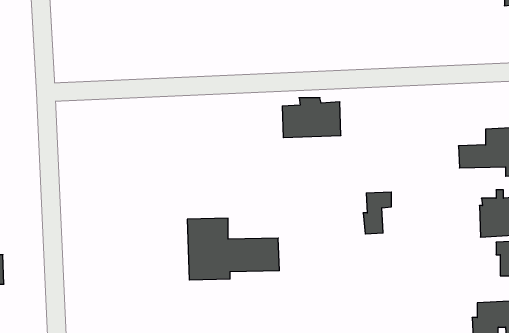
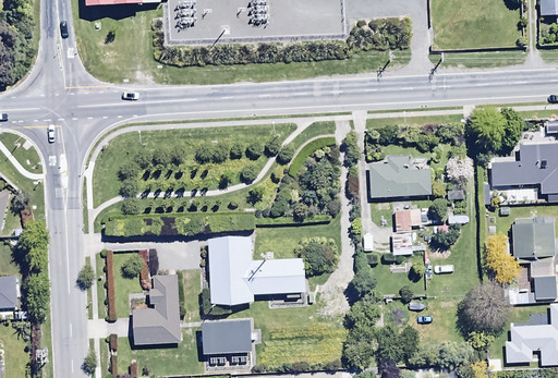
building: [282,98,341,138] -> [368,156,429,197]
building: none -> [133,275,181,343]
building: none -> [203,319,258,352]

